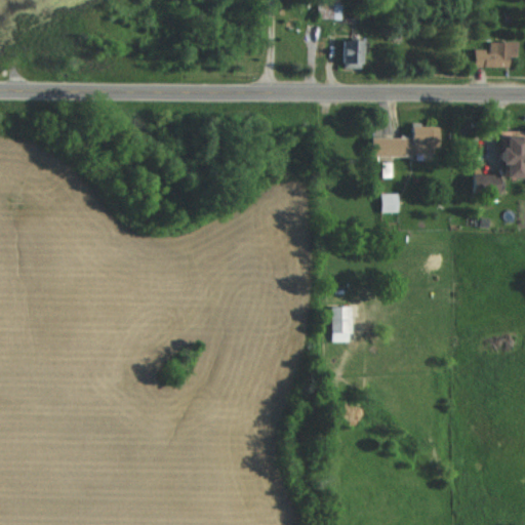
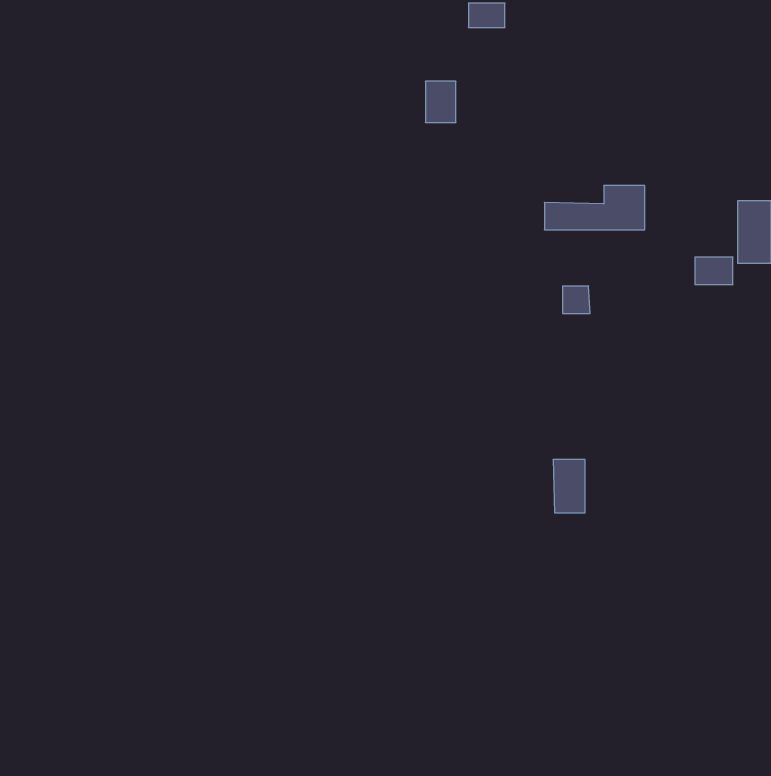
building: [344,40,364,68] -> [425,81,456,122]
building: [476,40,519,67] -> none
building: [333,306,355,341] -> [553,460,585,513]

